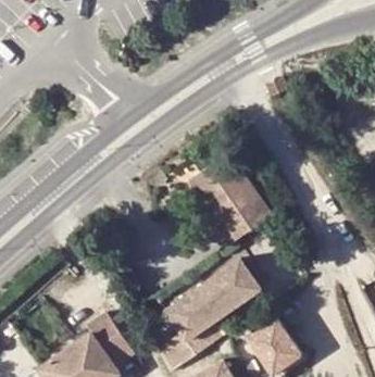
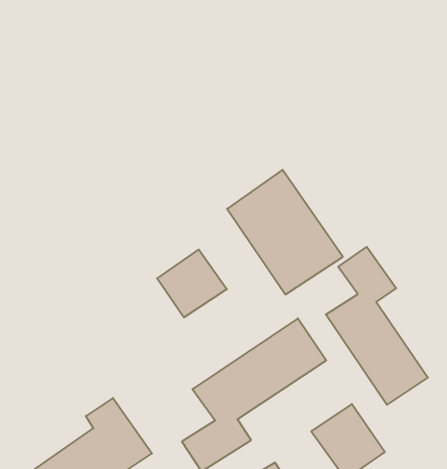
building: none -> [326,247,428,405]
building: none -> [157,250,227,317]

